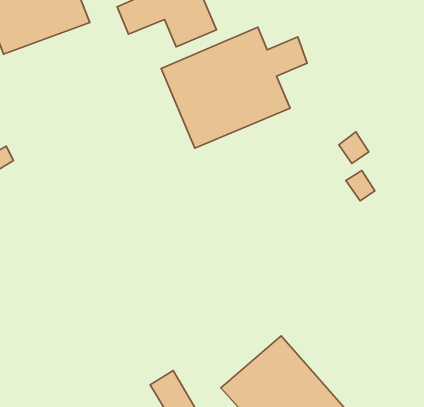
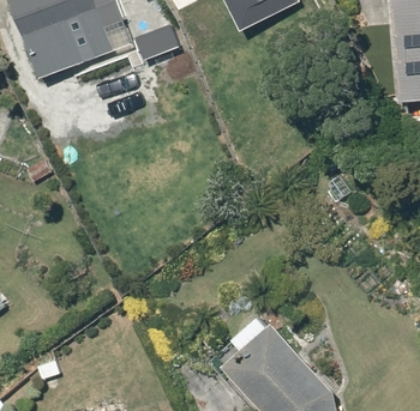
building: [161,27,307,148] -> none

